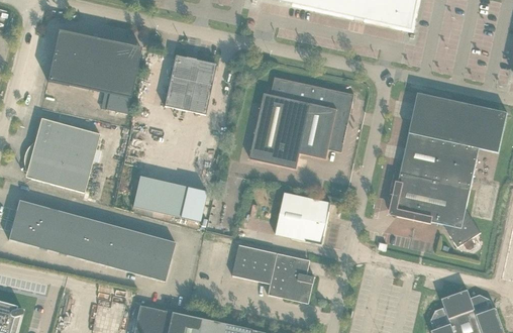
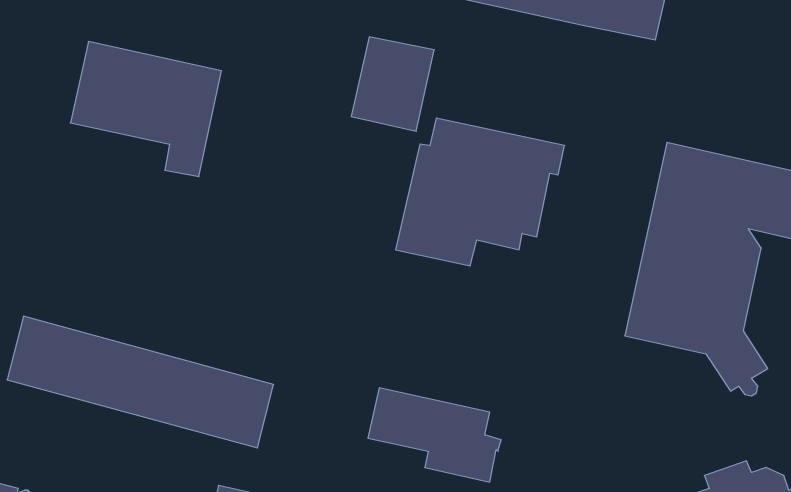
building: [165,56,216,114] -> [351,37,434,131]
building: [24,118,100,193] -> none
building: [134,177,208,221] -> none
building: [276,193,330,244] -> none

